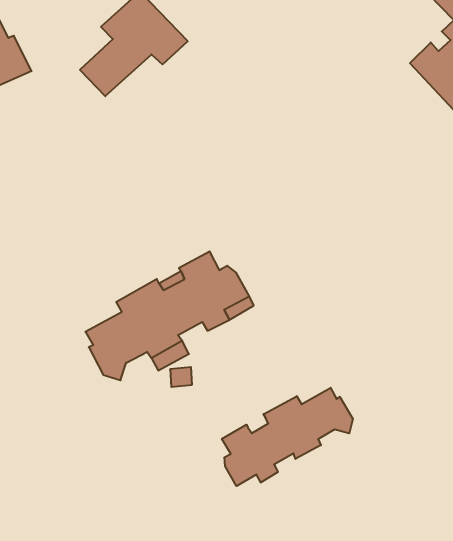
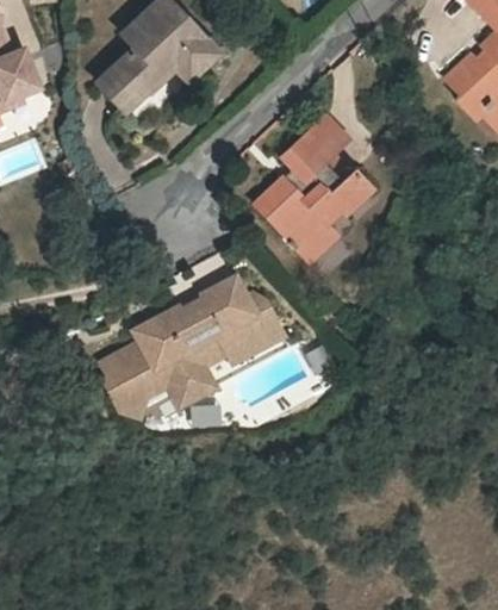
building: none -> [262,125,376,257]
building: [222,388,353,486] -> none

